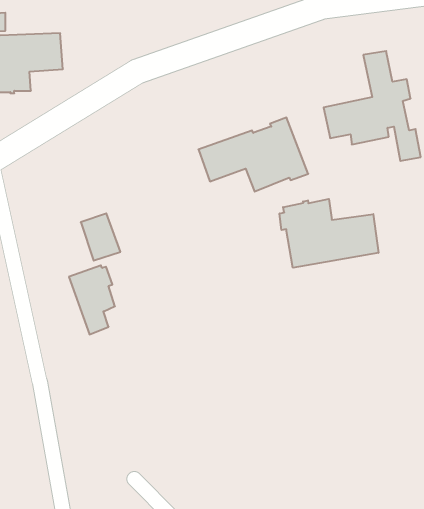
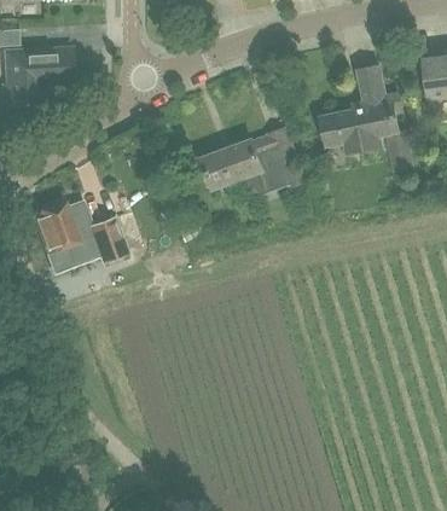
building: [280,199,378,268] -> none
building: [69,265,115,334] -> [34,202,77,267]

